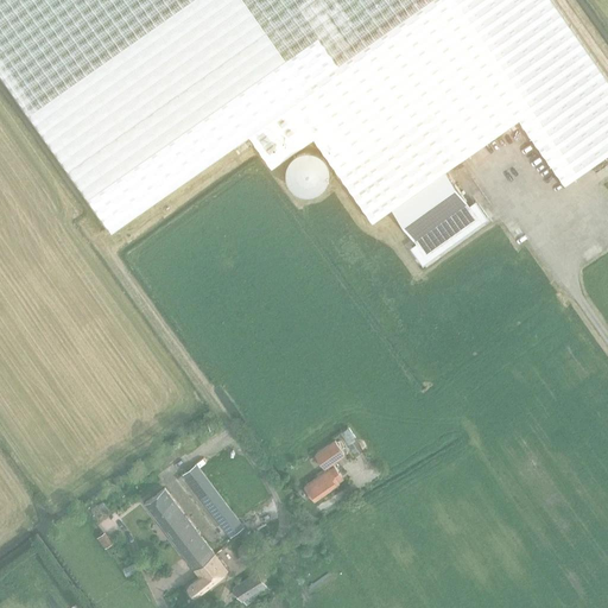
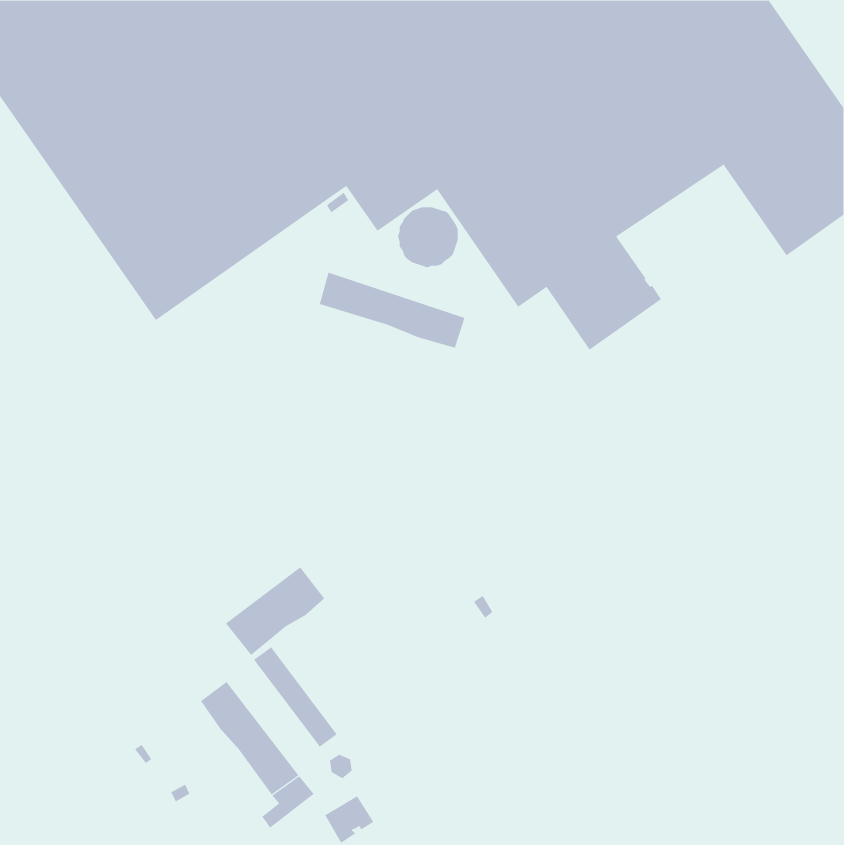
building: none -> [319,272,465,348]
building: none -> [225,566,325,656]
building: [304,439,344,500] -> none

